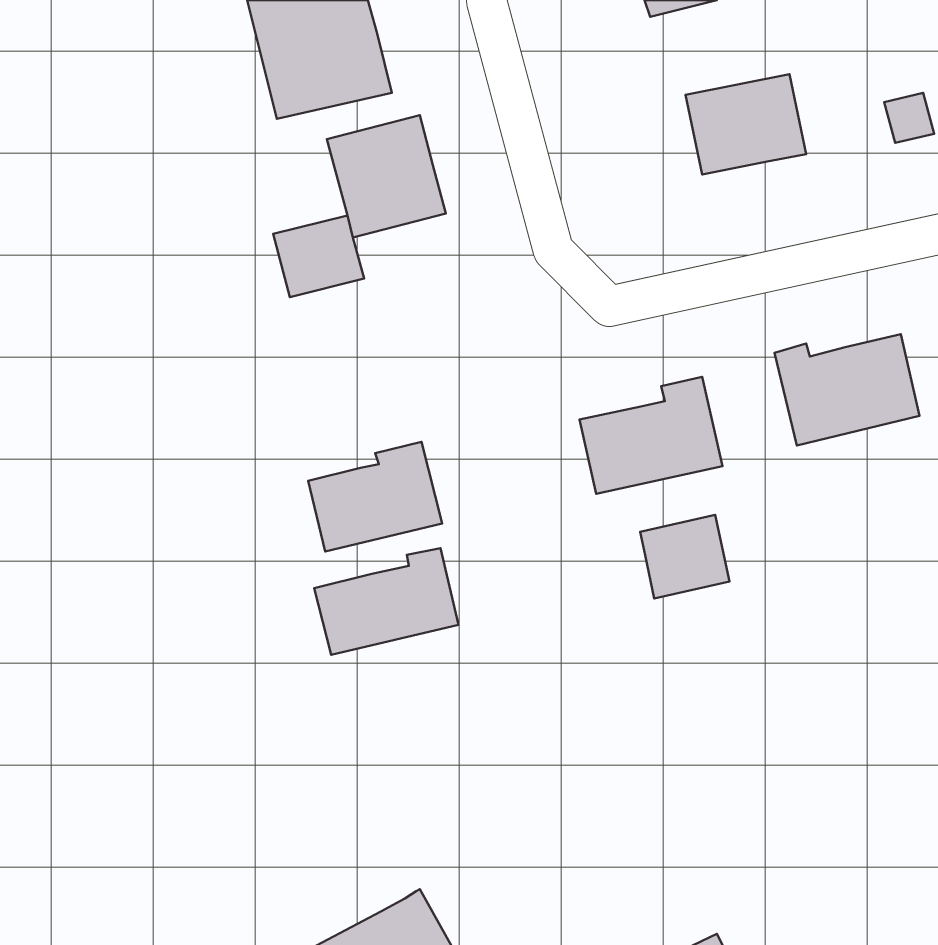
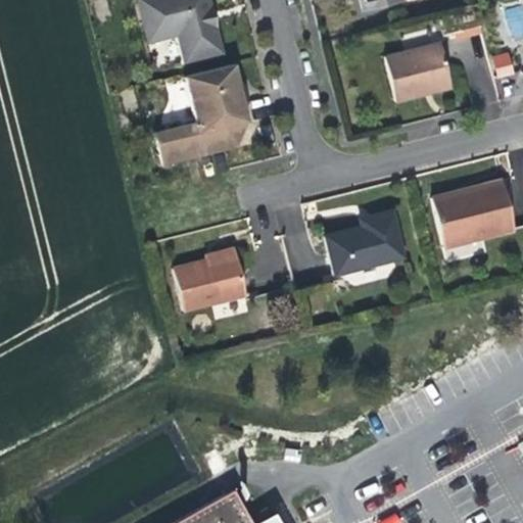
building: none -> [200,120,251,155]
building: [640,515,730,598] -> none
building: [314,548,459,655] -> none

